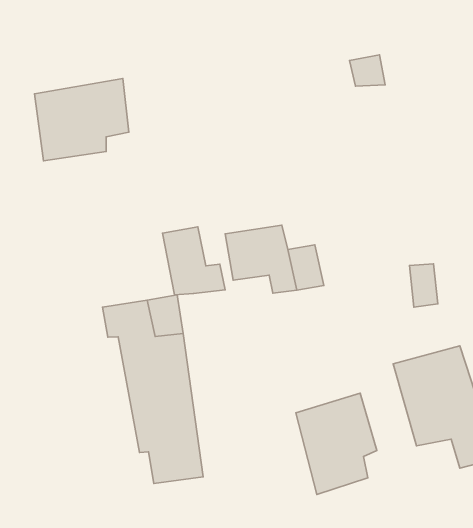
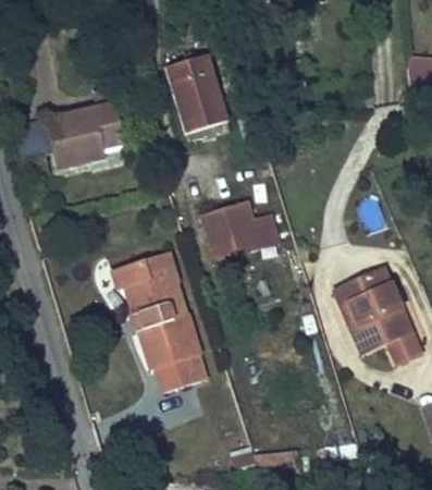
building: none -> [164,51,226,128]
building: [163,227,225,295] -> none
building: [296,393,377,495] -> none

